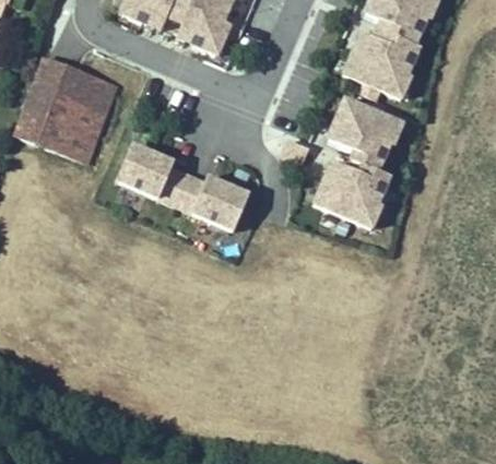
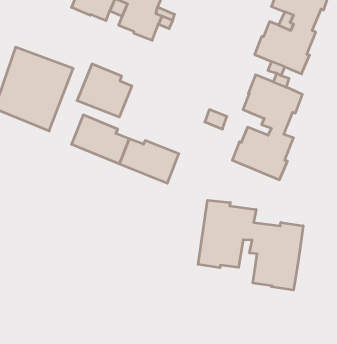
building: none -> [77,64,132,117]
building: none -> [198,200,303,290]

